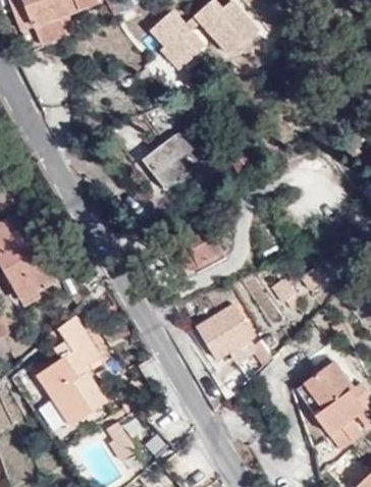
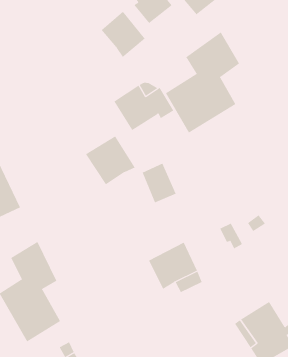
building: none -> [101,11,145,58]
building: none -> [165,31,240,133]
building: none -> [85,136,135,185]

